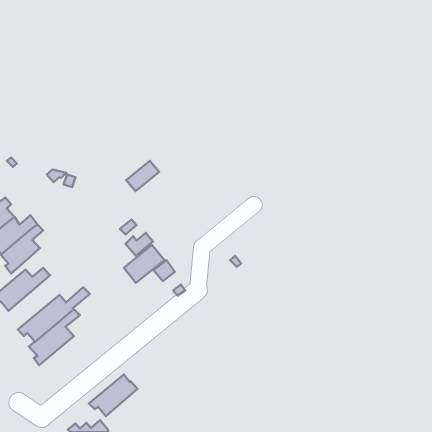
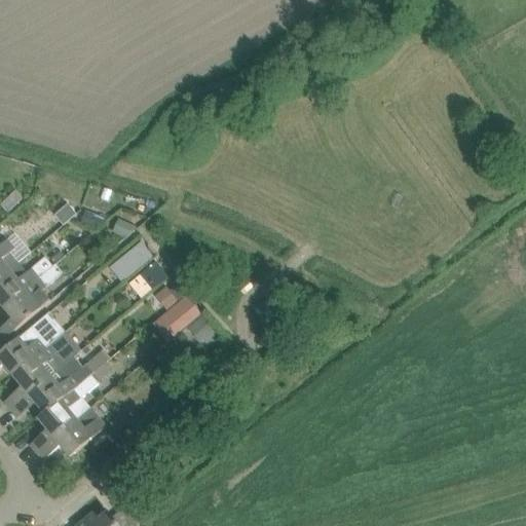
building: [126,161,159,191] -> [110,243,150,280]
building: none -> [10,330,80,400]
building: [89,375,137,416] -> [47,408,106,458]

